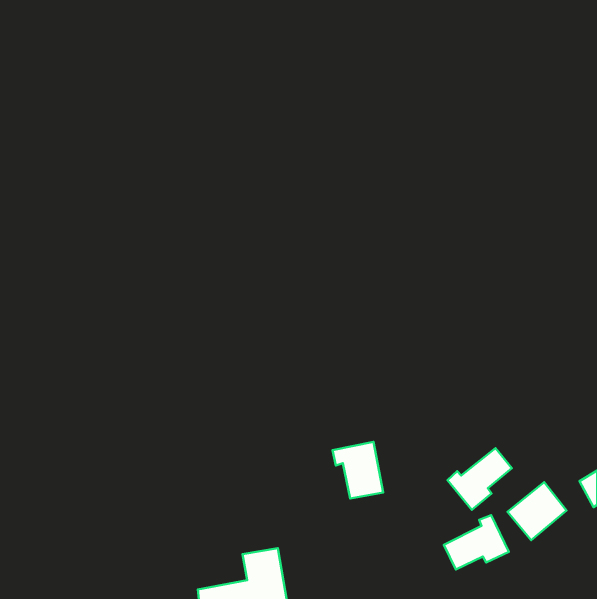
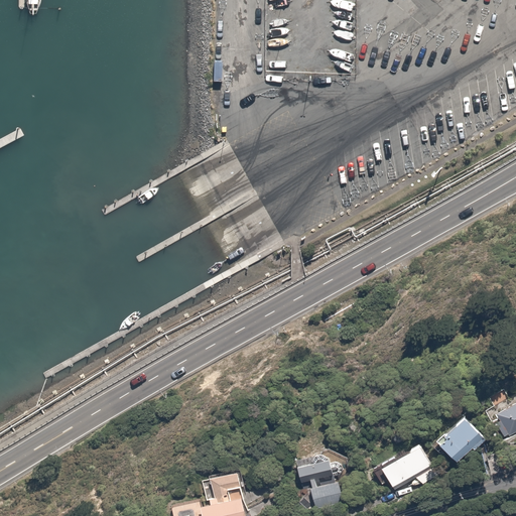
building: [332,442,383,499] -> [297,462,341,510]
building: [447,448,512,510] -> none

